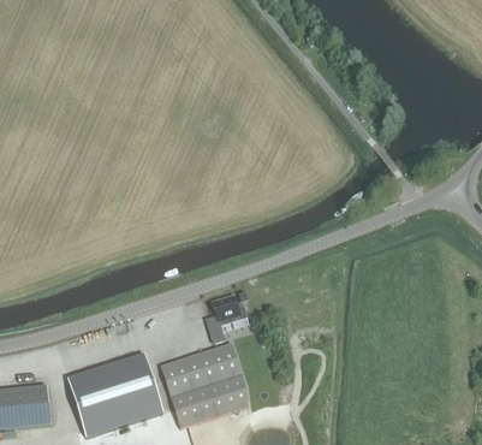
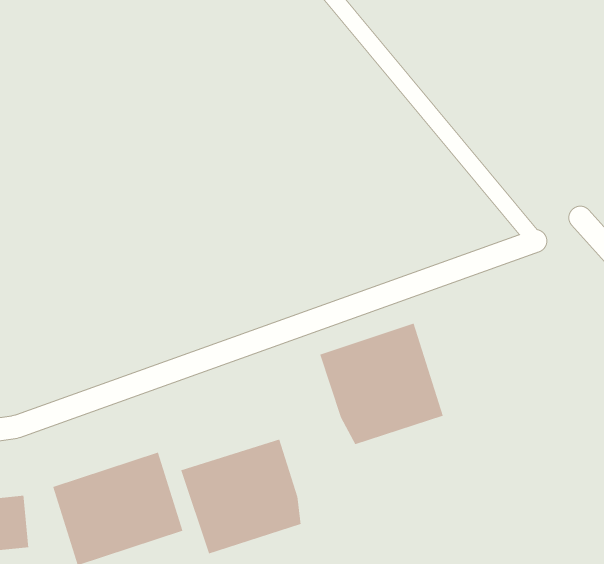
building: none -> [319,323,444,445]
building: [204,295,246,344] -> none

